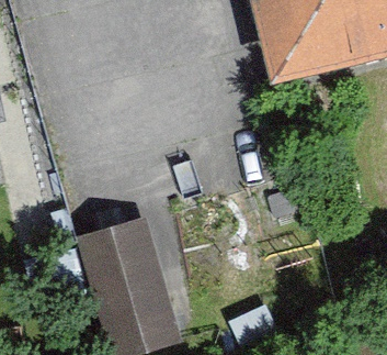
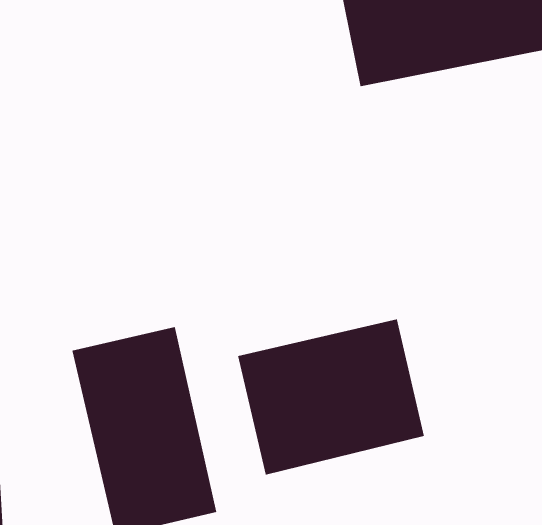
building: none -> [238,319,424,475]

